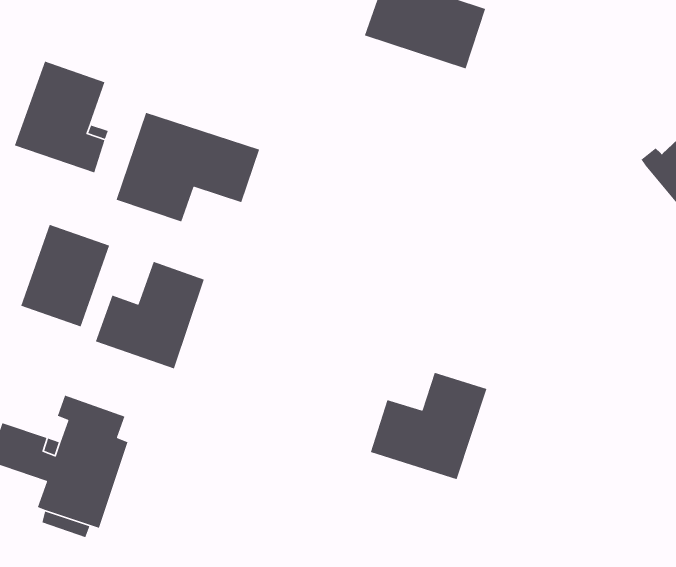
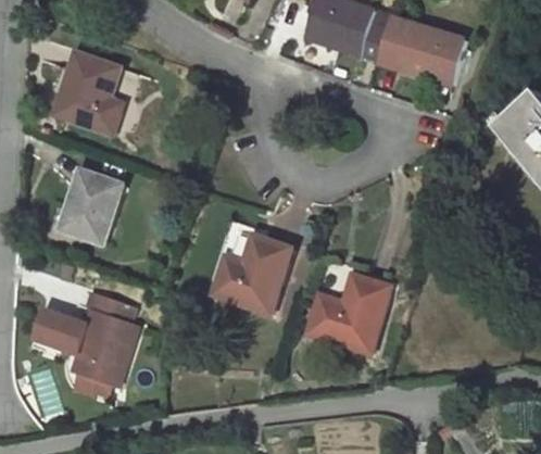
building: none -> [376,16,467,85]
building: [115,112,260,223] -> none
building: [95,261,205,369] -> [213,236,291,313]

